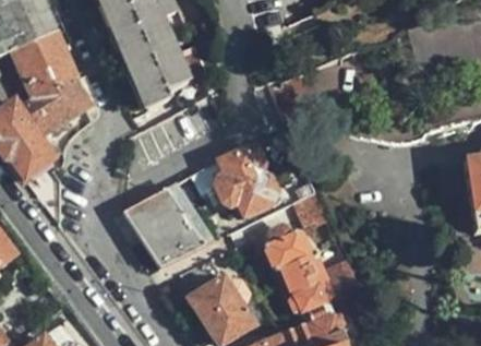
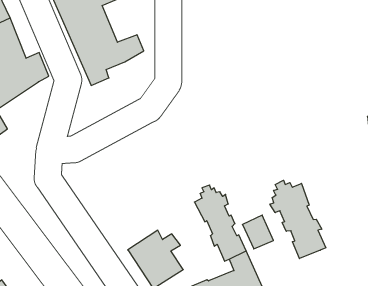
building: [211,143,277,216] -> none
building: [124,187,207,267] -> none
building: none -> [270,180,326,259]

